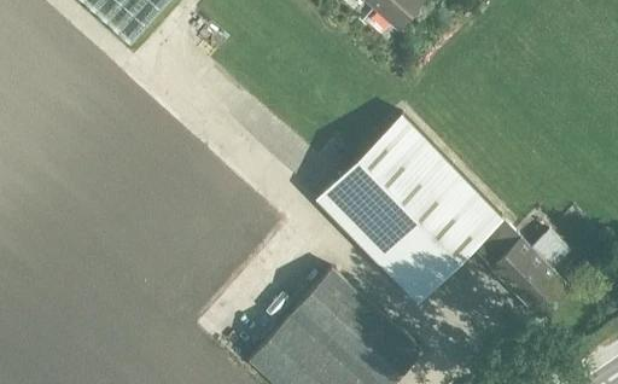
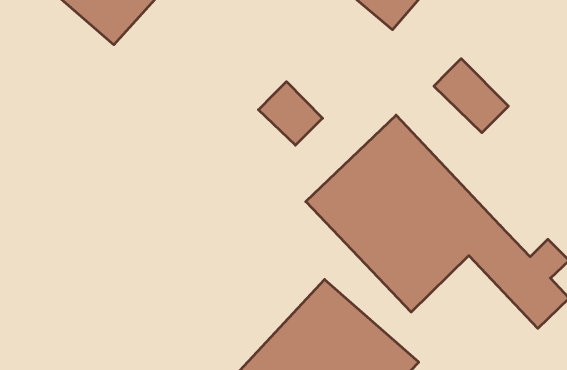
building: none -> [434,59,508,133]
building: none -> [258,82,323,145]

